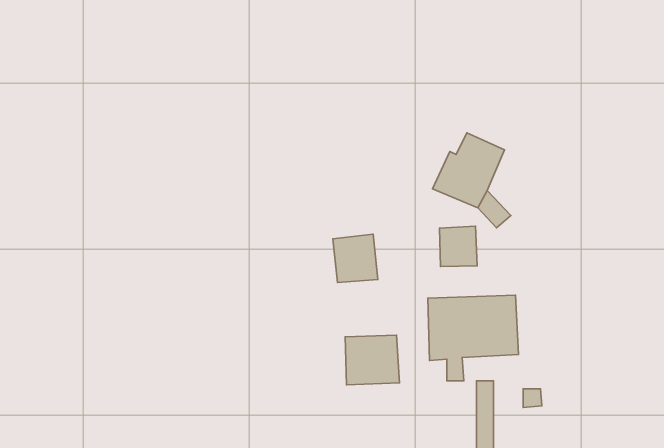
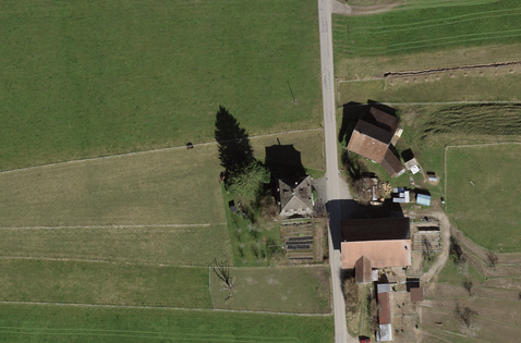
building: [439,226,477,267] -> none
building: [345,335,399,385] -> none

